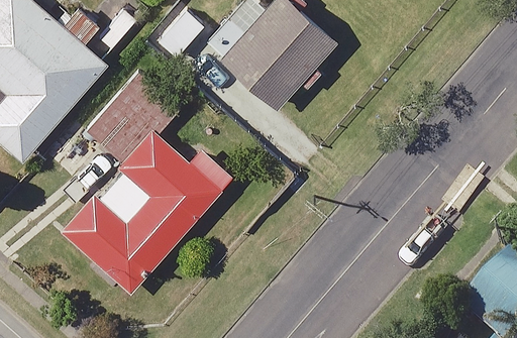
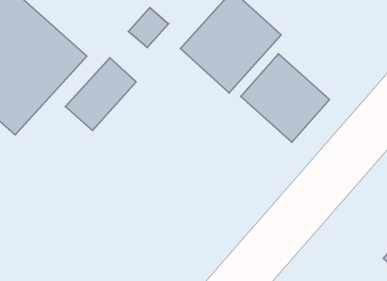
building: none -> [241,54,329,142]
building: [59,126,223,293] -> none

